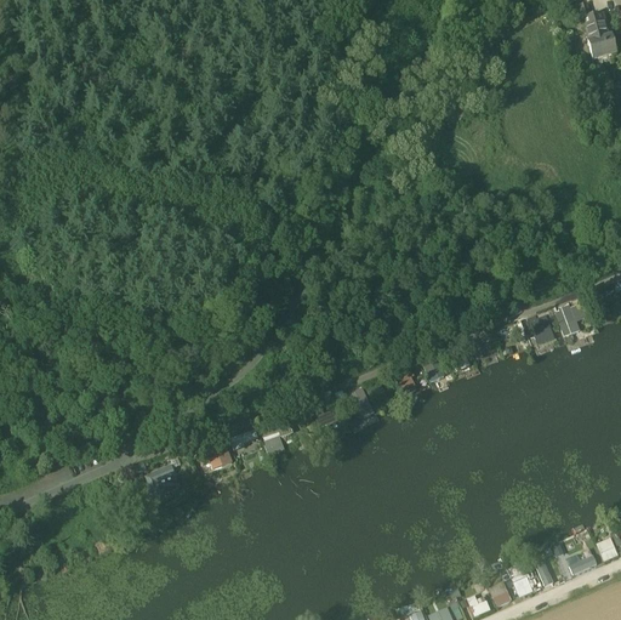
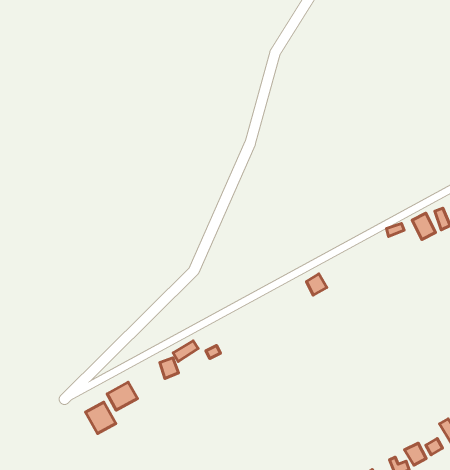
building: none -> [86,402,116,434]

